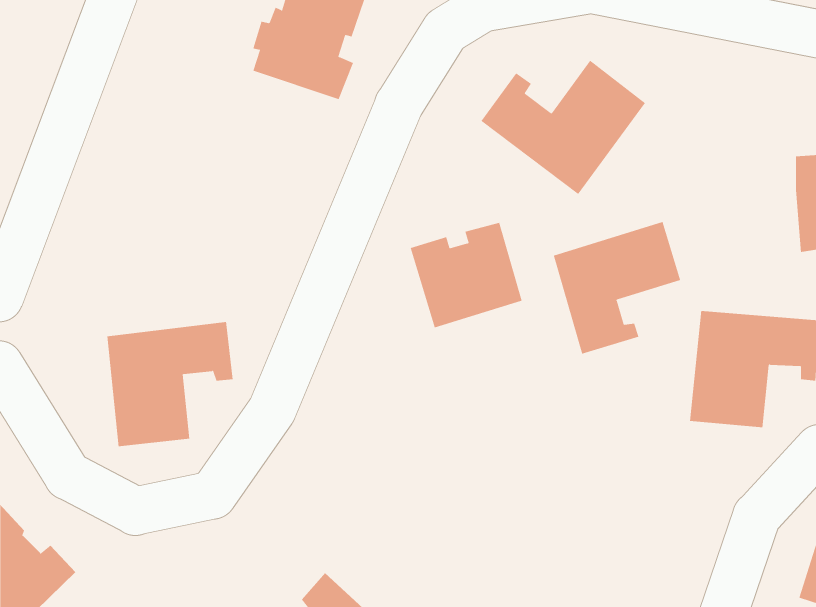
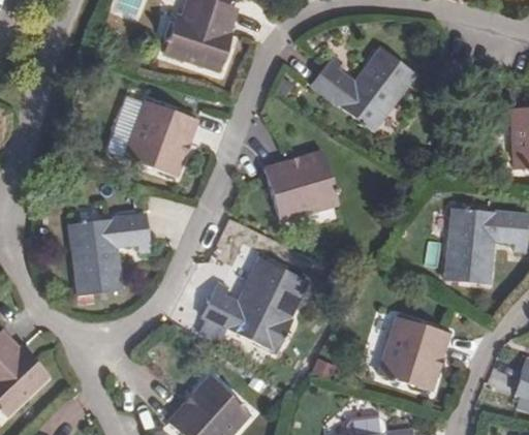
building: none -> [125,101,196,177]
building: [553,221,681,354] -> none
building: none -> [201,256,308,352]
building: none -> [378,315,448,391]

